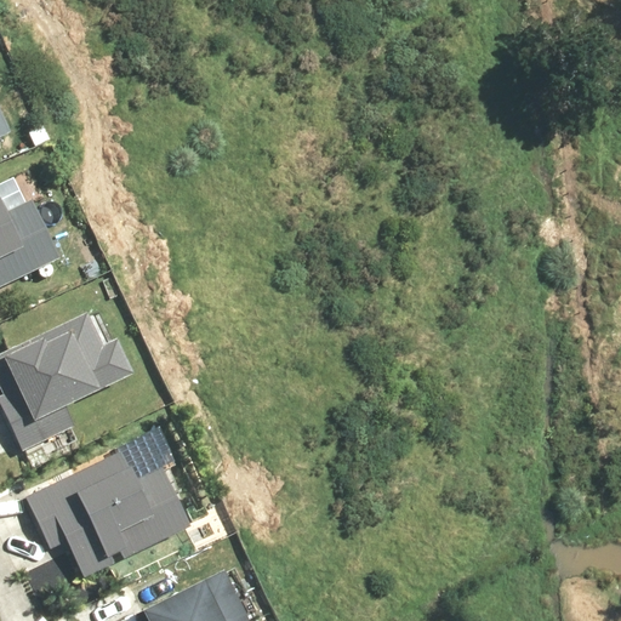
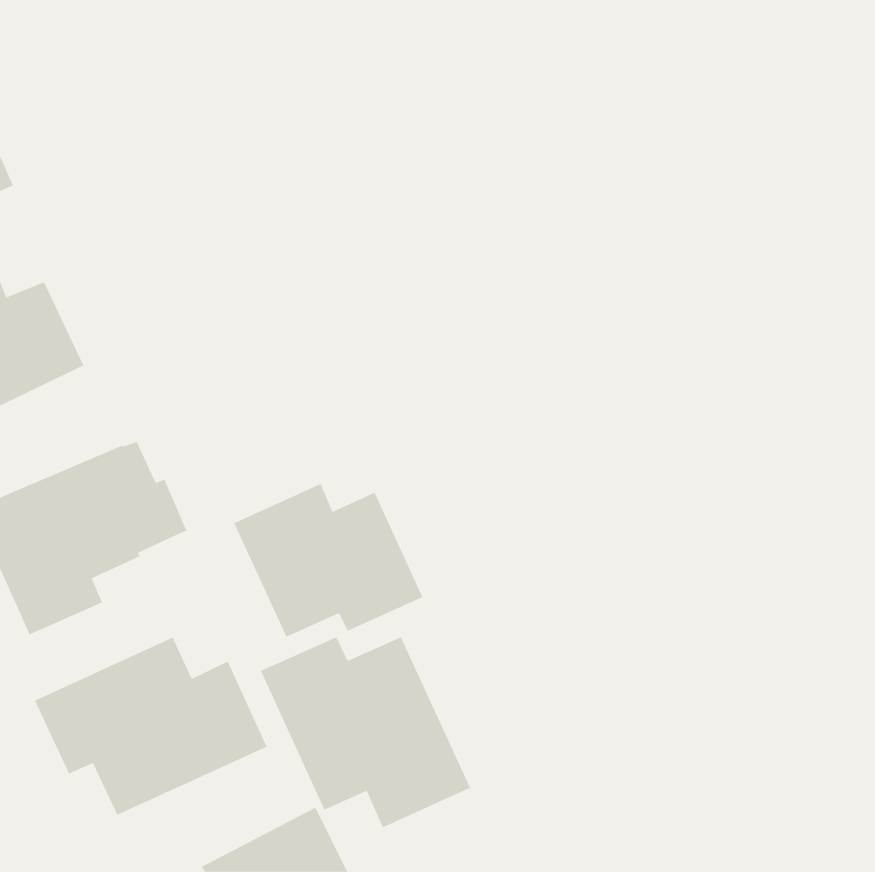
building: none -> [234,483,423,637]
building: none -> [260,636,471,828]

